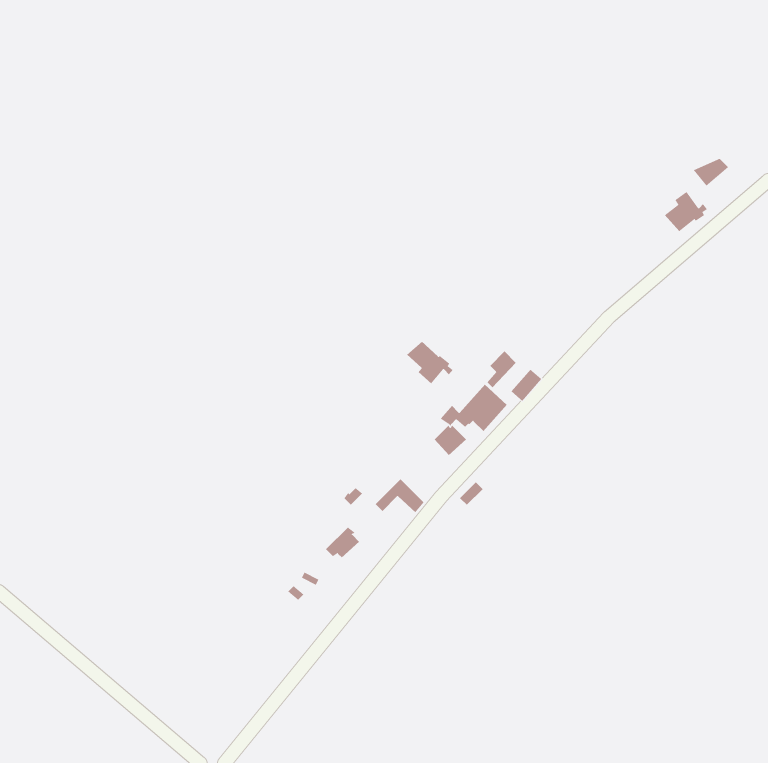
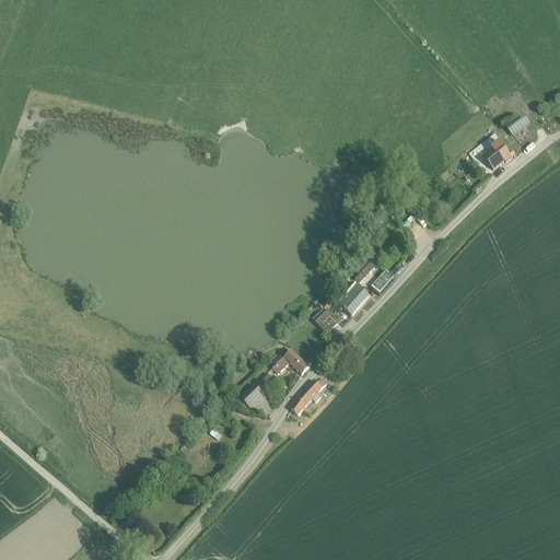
building: [406,341,453,384] -> none
building: none -> [291,376,326,413]

